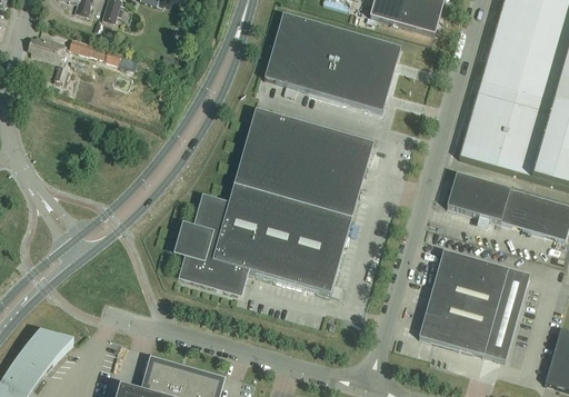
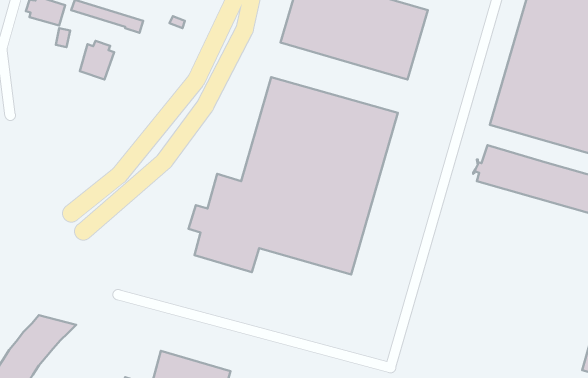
building: none -> [80,41,114,80]
building: [419,250,530,361] -> none

